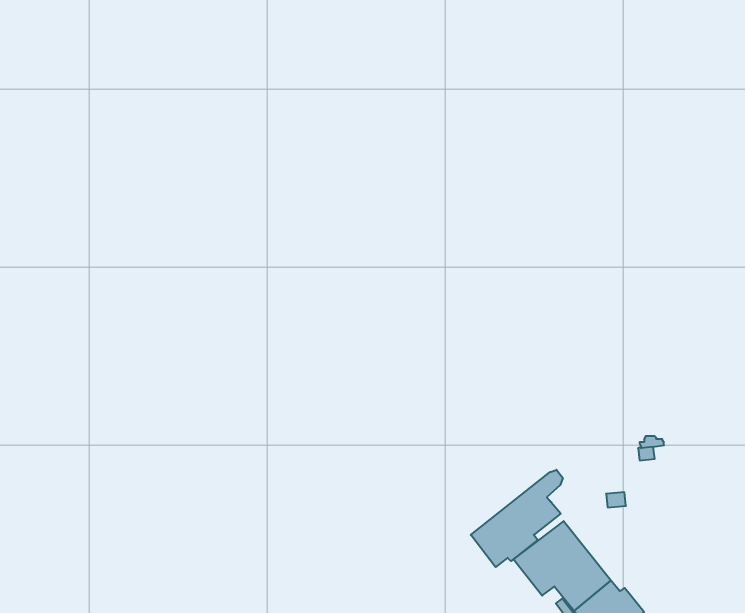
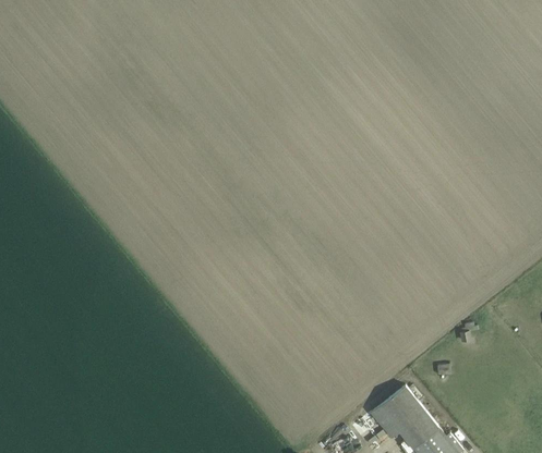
building: [471,470,563,567] -> none

